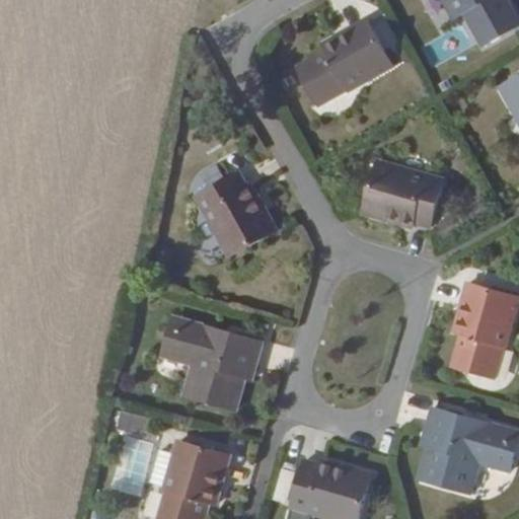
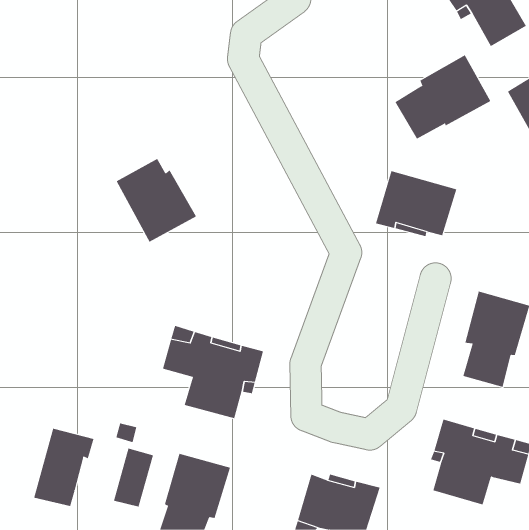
building: [297,19,391,102] -> [395,54,491,140]
building: [197,171,276,253] -> [116,158,197,242]
building: none -> [33,428,94,507]

